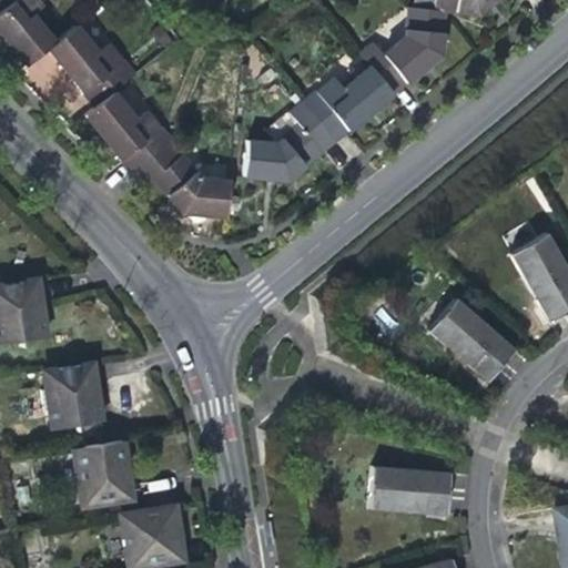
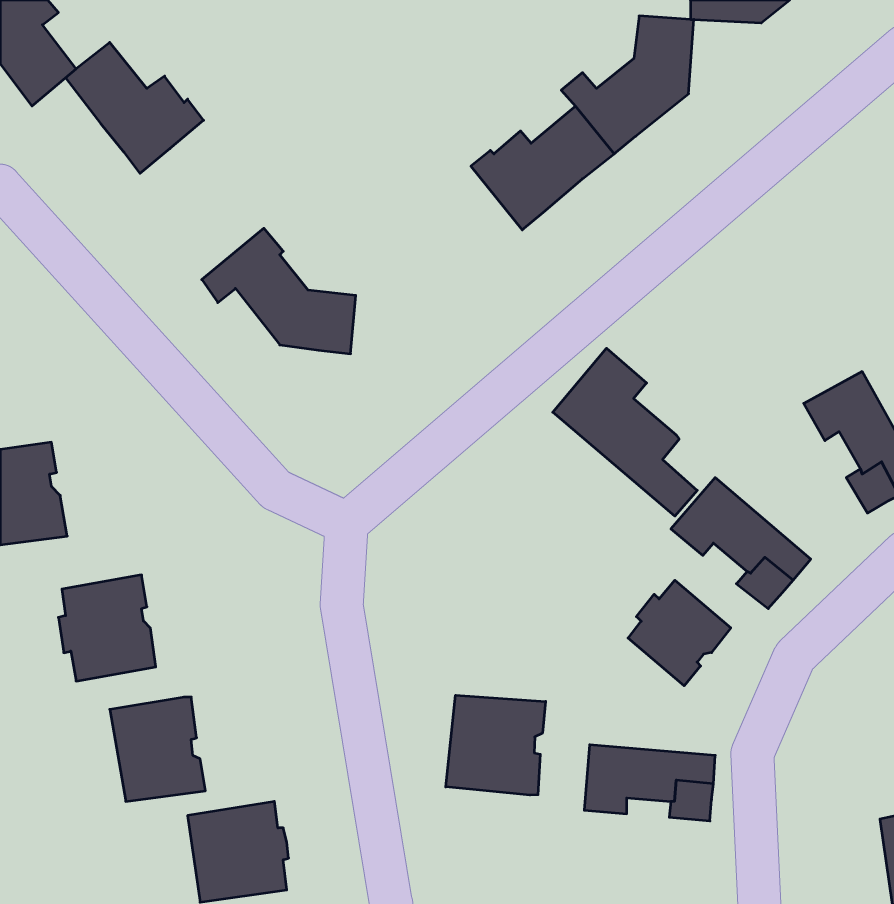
building: [85,93,172,175] -> none
building: [243,104,334,182] -> none
building: none -> [553,348,697,516]
building: none -> [628,580,731,686]
building: none -> [446,695,546,795]

